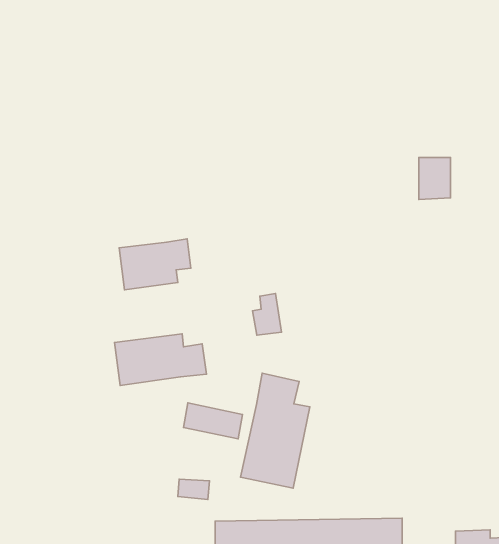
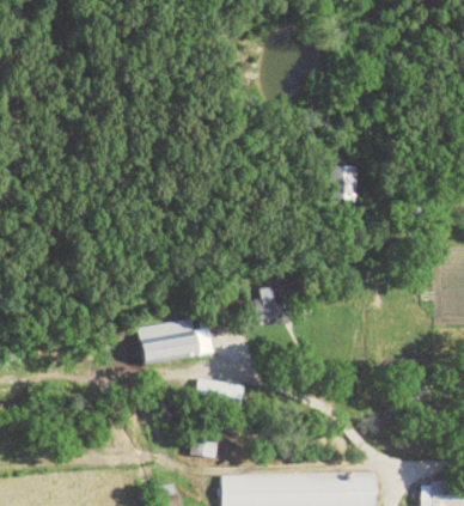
building: [419,158,450,199] -> [331,166,358,201]
building: [119,239,191,290] -> none
building: [240,373,310,488] -> none

